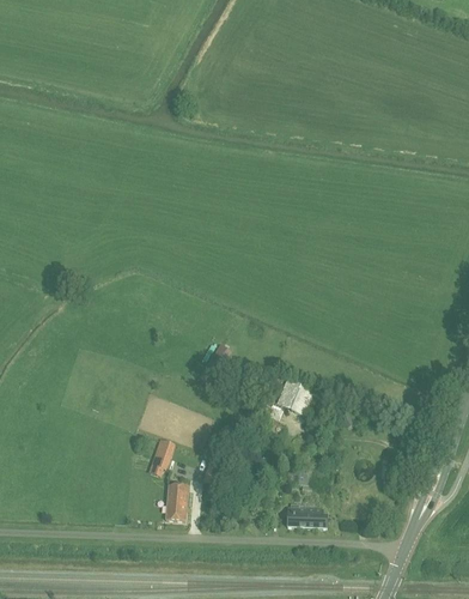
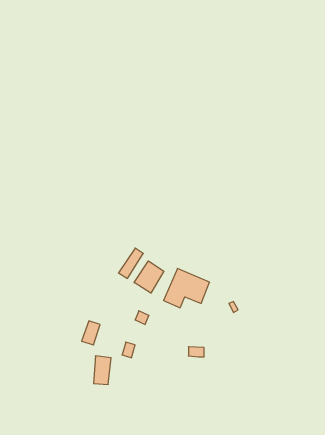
building: none -> [134,261,164,293]
building: [288,502,327,526] -> none

